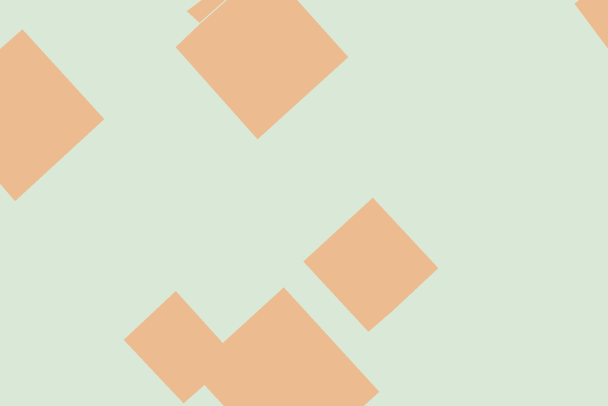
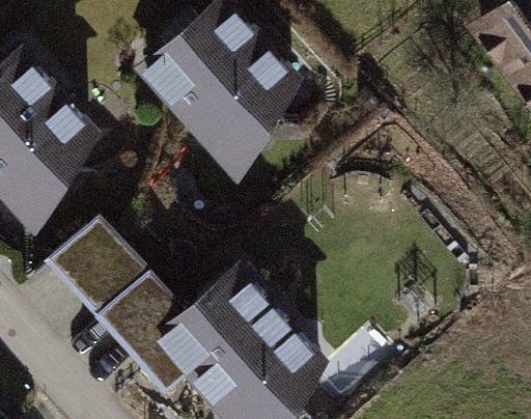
building: [302,197,439,333] -> none
building: none -> [58,227,152,324]

